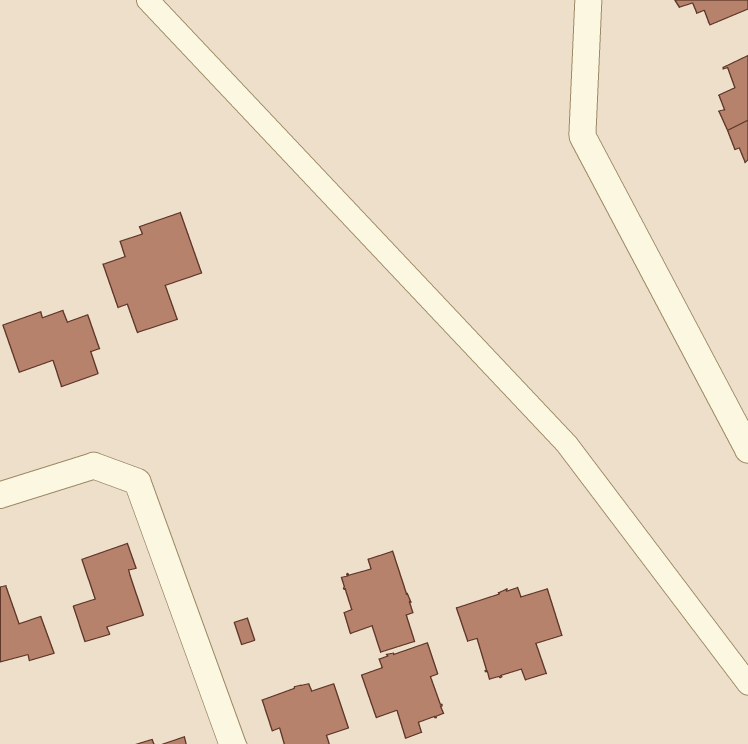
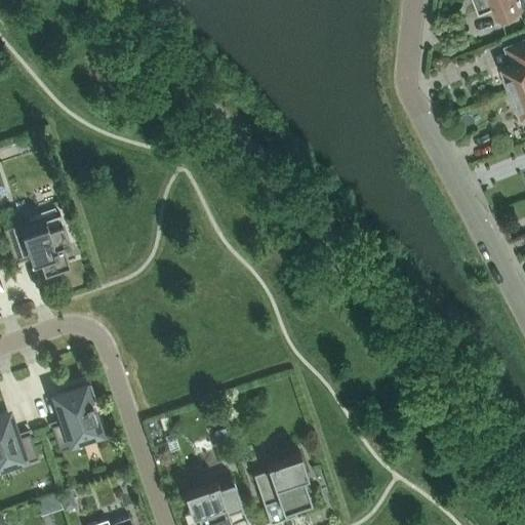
building: [103,212,201,333] -> none
building: [342,551,414,652] -> none
building: [457,587,562,680] -> none

